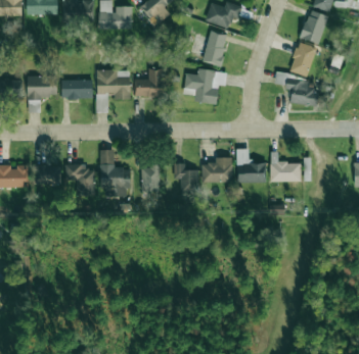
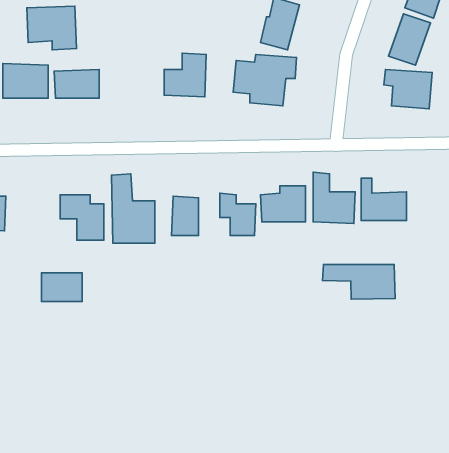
building: [96,70,130,100] -> [27,6,76,50]
building: [34,165,61,185] -> [42,273,82,302]
building: none -> [322,265,395,299]

